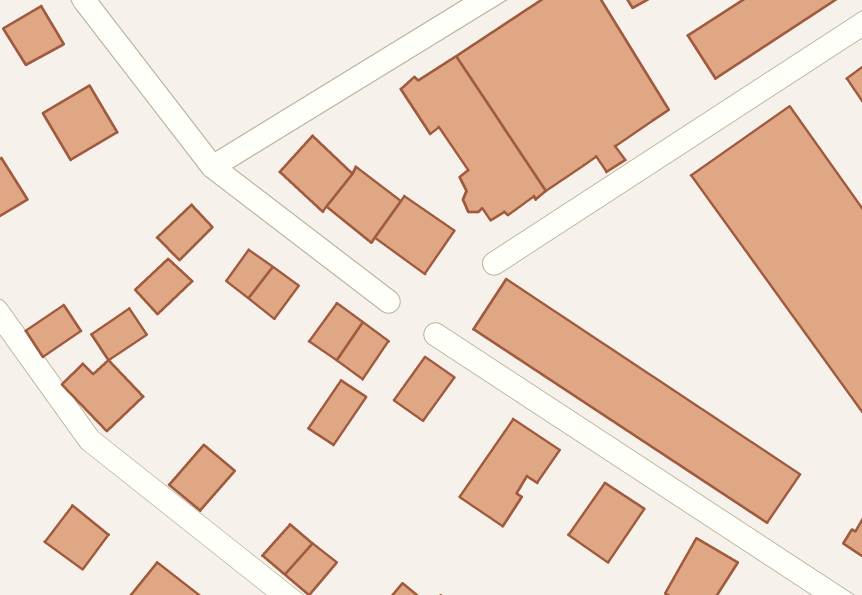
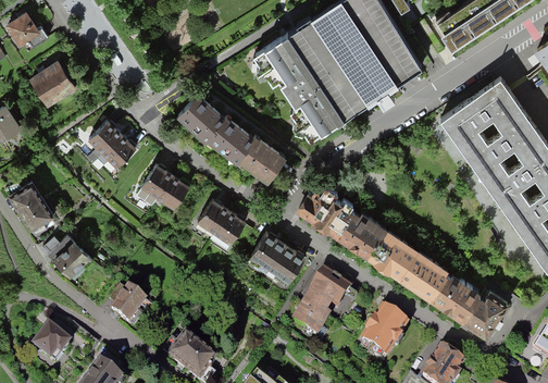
building: [135,259,192,314] -> [86,121,122,156]
building: [91,308,147,360] -> [7,182,41,214]
building: none -> [267,244,307,285]
building: [308,380,366,445] -> none

